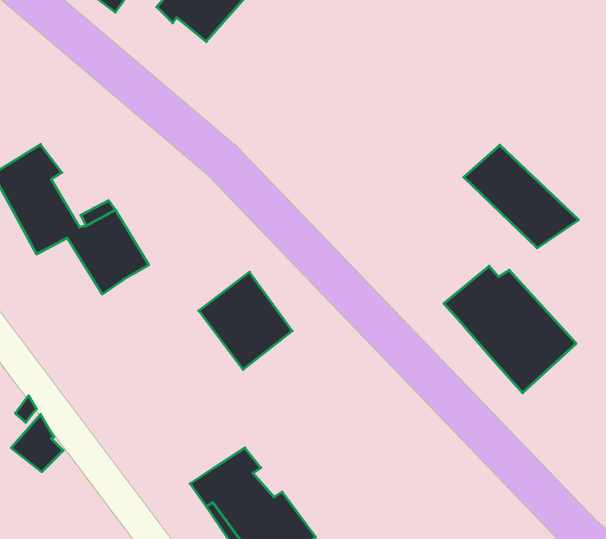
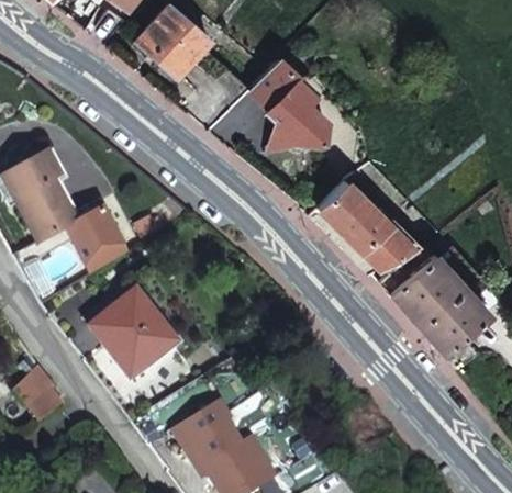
building: none -> [244,52,319,142]
building: [464,145,578,248] -> [318,180,412,265]
building: [199,272,292,370] -> [97,295,174,376]

